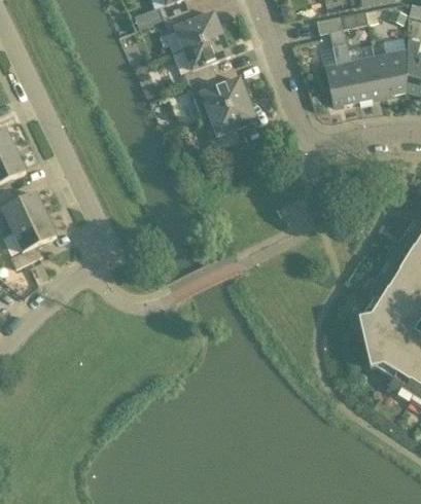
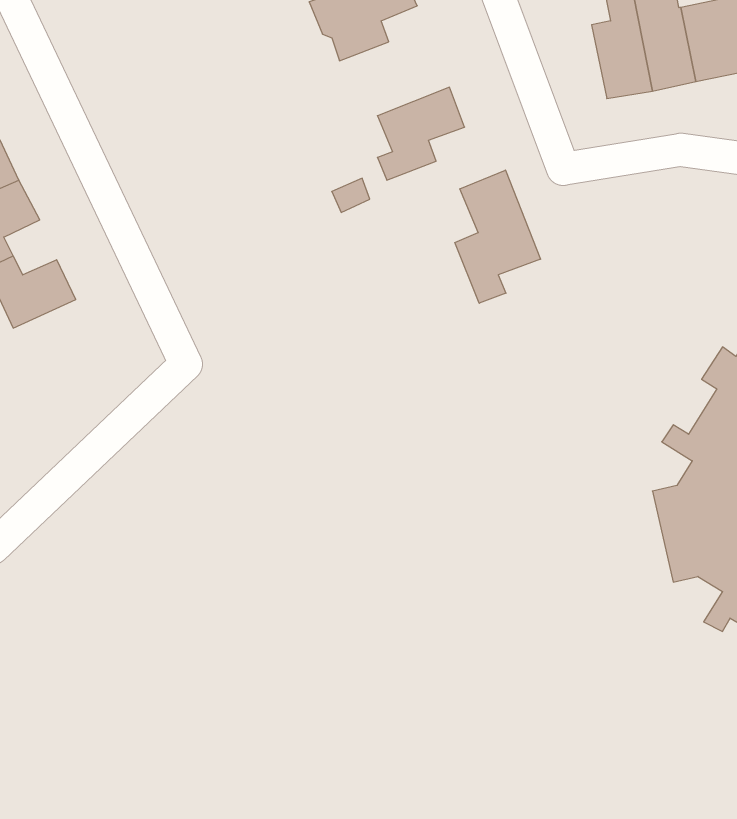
building: [188,73,248,113] -> none
building: none -> [455,170,541,303]
building: [10,213,56,266] -> none

